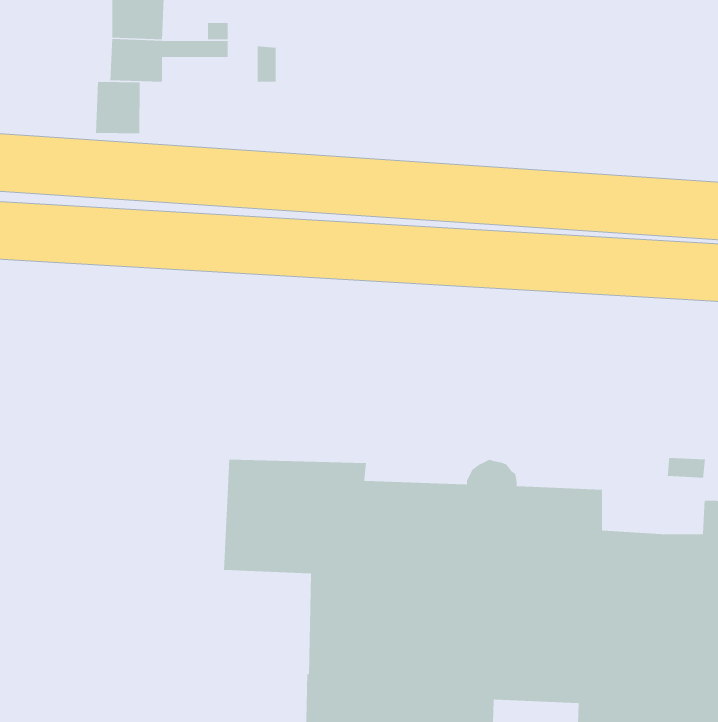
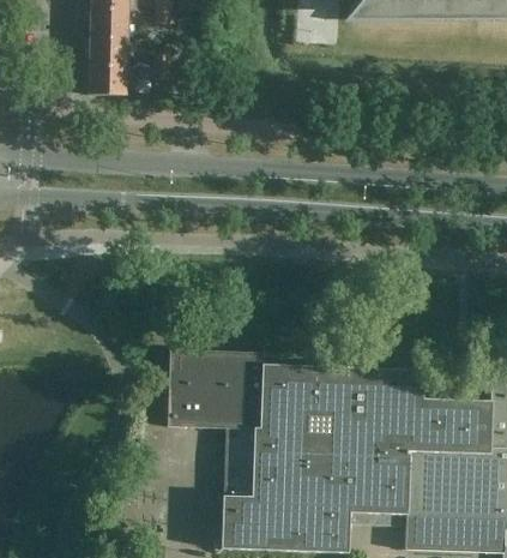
building: [95,81,141,134] -> none

